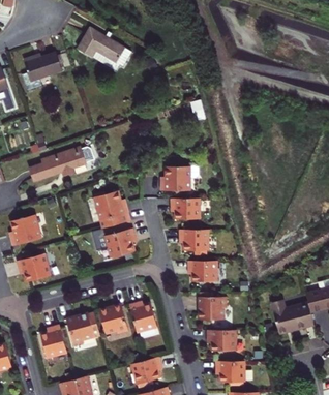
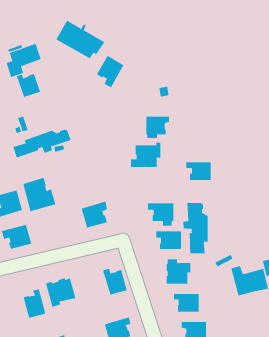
building: none -> [96,55,124,88]
building: none -> [16,73,41,98]
building: none -> [146,116,169,139]
building: [93,190,130,229] -> [23,177,56,212]
building: [170,199,199,219] -> [185,162,212,181]
building: none -> [183,202,208,254]
building: [98,304,128,334] -> none

